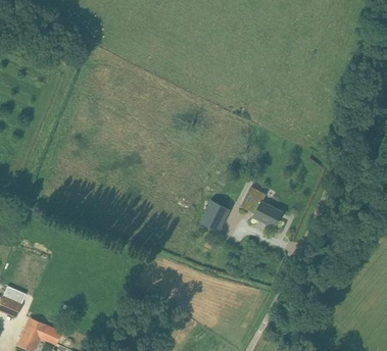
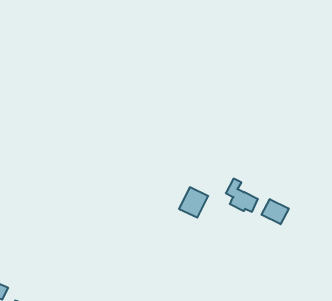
building: none -> [262,199,289,224]

